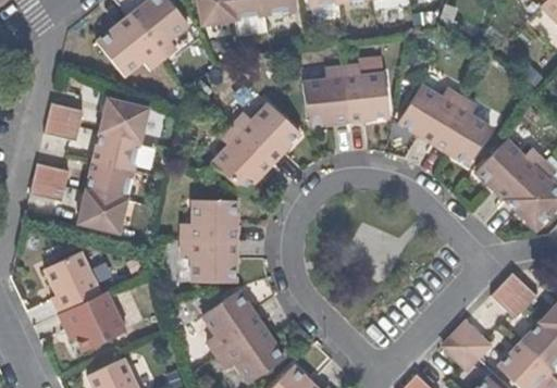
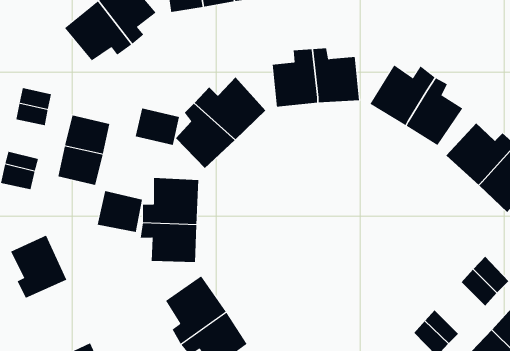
building: [106,101,150,138] -> [135,108,180,145]
building: [84,190,129,231] -> [97,191,143,232]
building: [60,288,127,350] -> none

